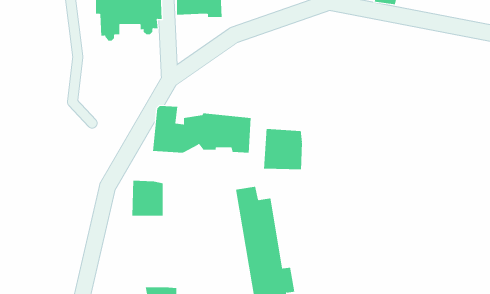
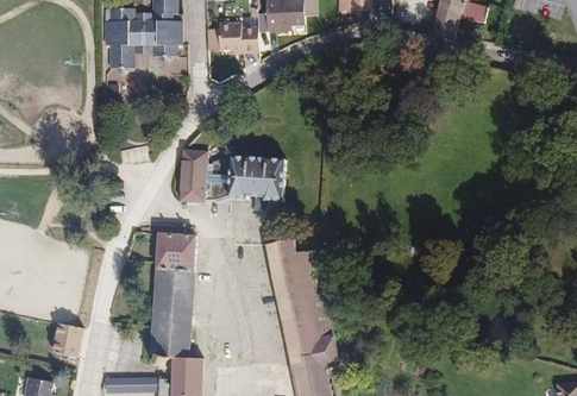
building: [264,128,302,170] -> none
building: none -> [152,278,190,359]
building: none -> [50,325,84,353]

